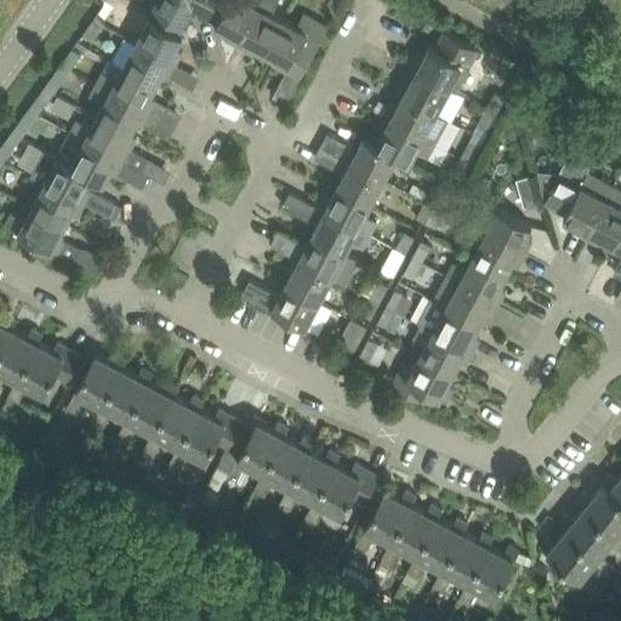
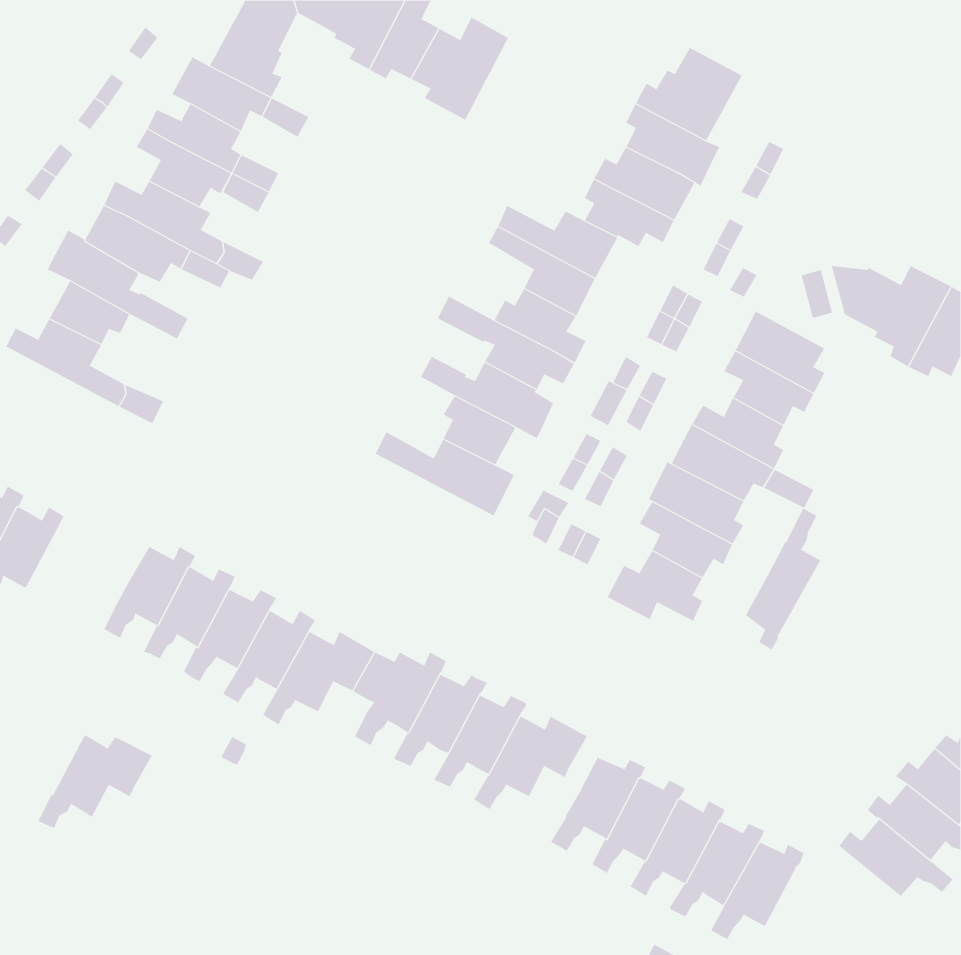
building: none -> [745,508,822,652]
building: [7,344,81,405] -> [38,735,152,829]

